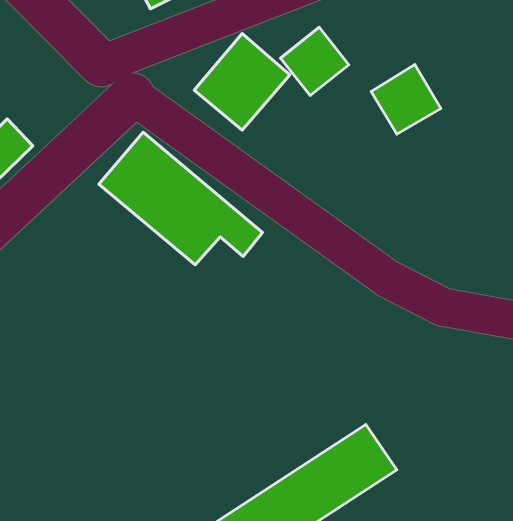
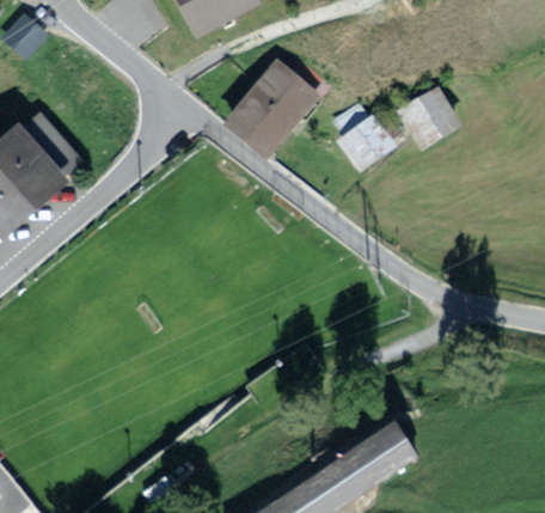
building: [280,27,349,96] -> [330,109,393,172]
building: [99,132,263,265] -> none

